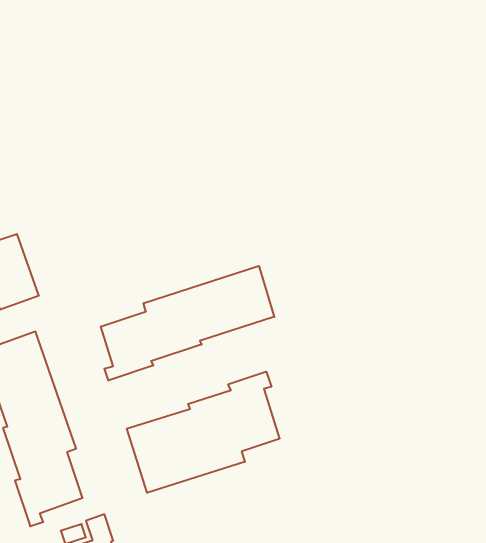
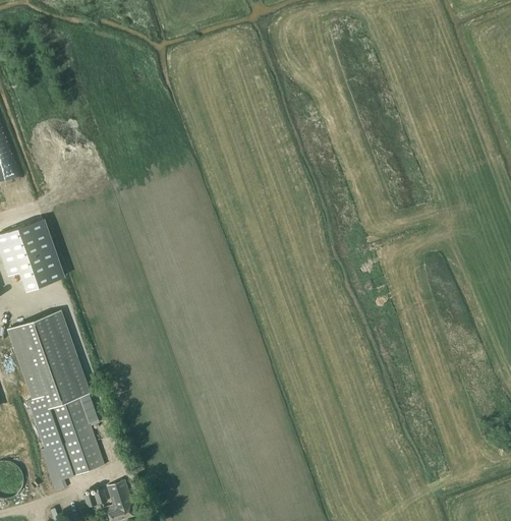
building: [101,266,274,381] -> none
building: [127,372,280,493] -> none

